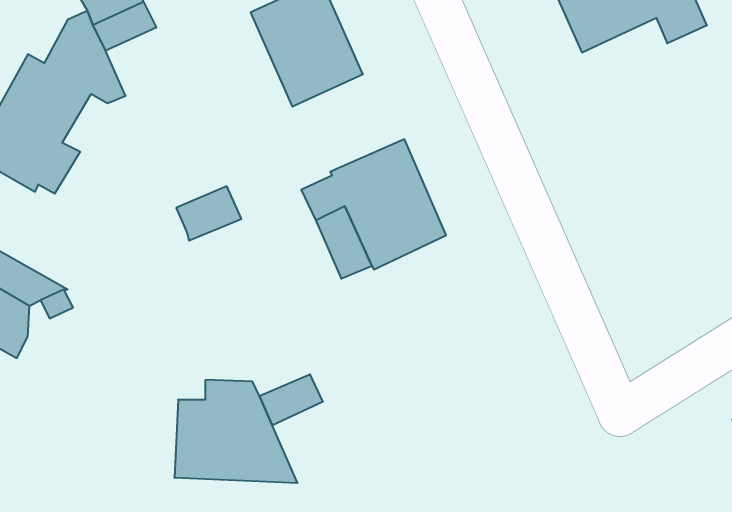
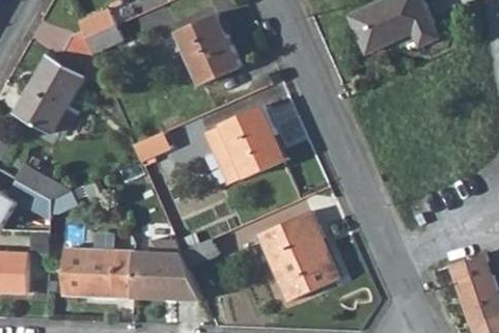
building: none -> [258,211,335,300]
building: none -> [62,249,134,297]

